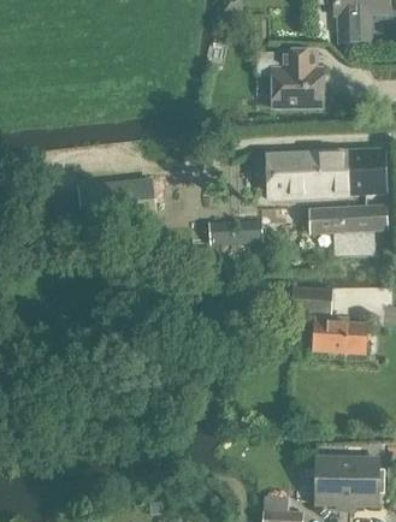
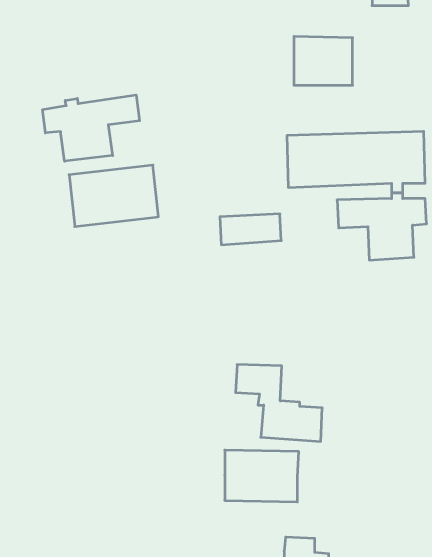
building: none -> [43,95,140,161]
building: [291,286,366,352] -> [236,365,322,441]
building: [315,458,379,503] -> [225,450,299,502]

